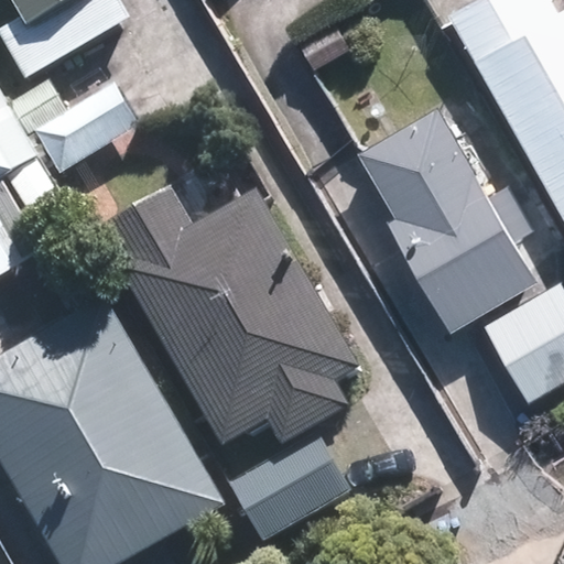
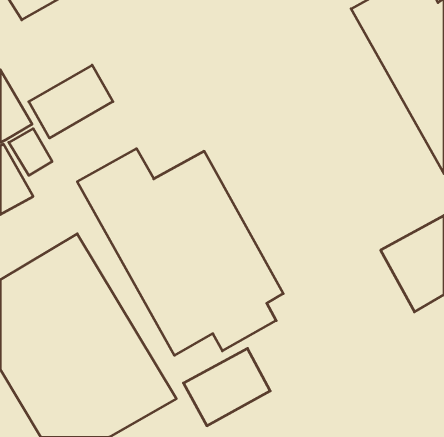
building: [359,102,535,324] -> none

